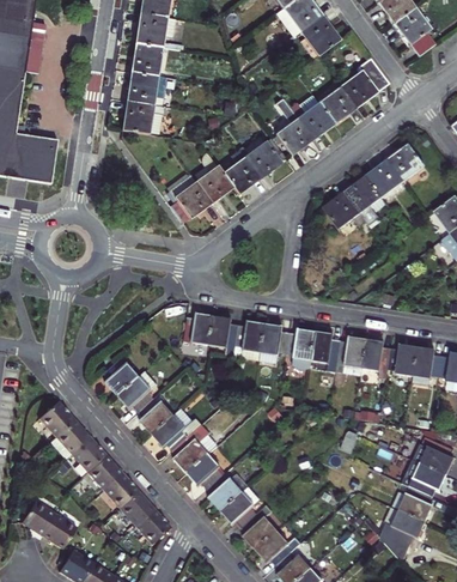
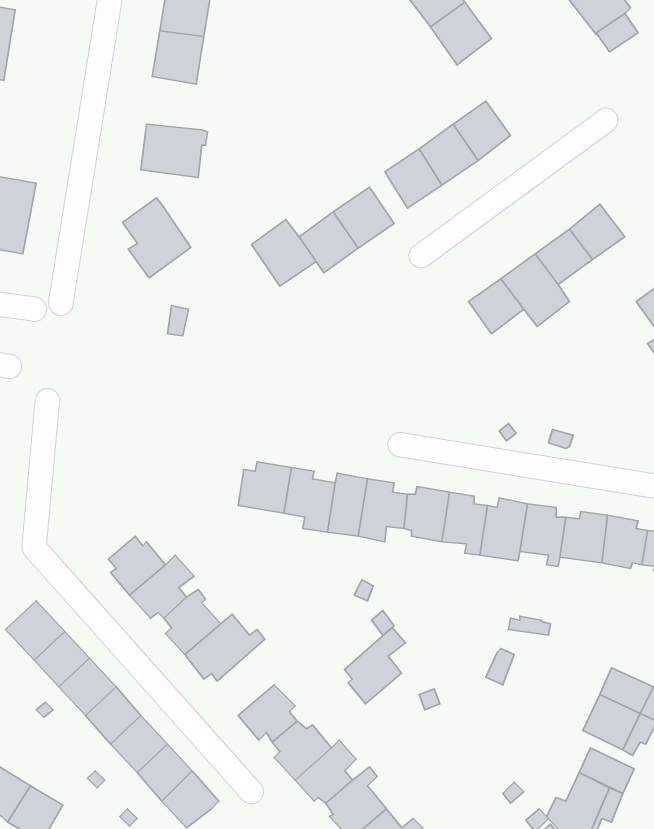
building: [340,56,390,108] -> none
building: [127,71,166,104] -> none
building: [167,171,211,222] -> [122,198,191,278]
building: [171,424,209,472] -> [344,628,405,704]

